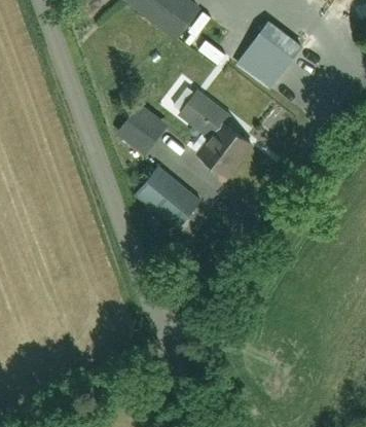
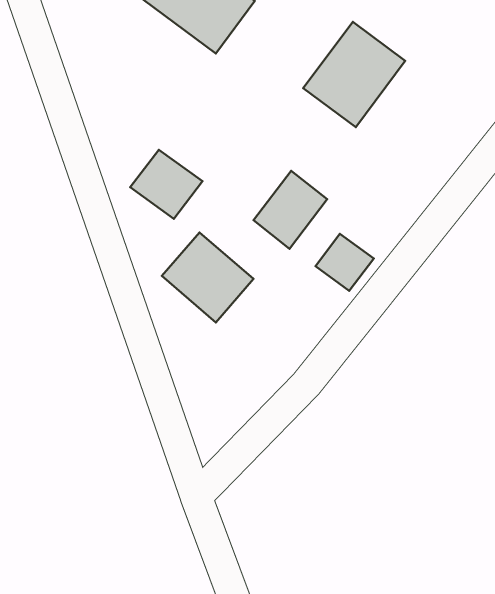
building: [170,82,228,137] -> none
building: none -> [315,234,374,291]

